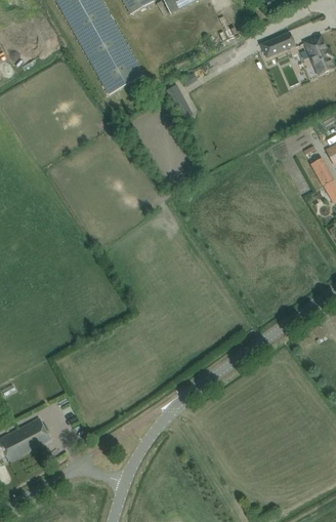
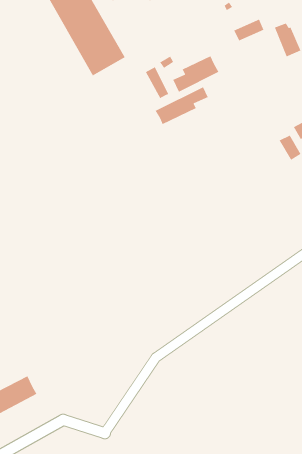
building: none -> [172,55,220,93]
building: none -> [155,86,209,125]

